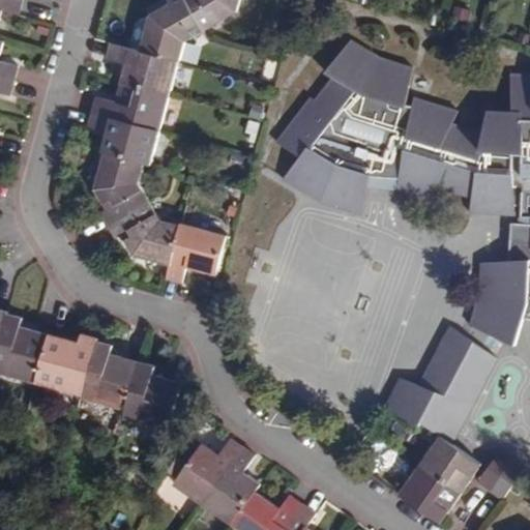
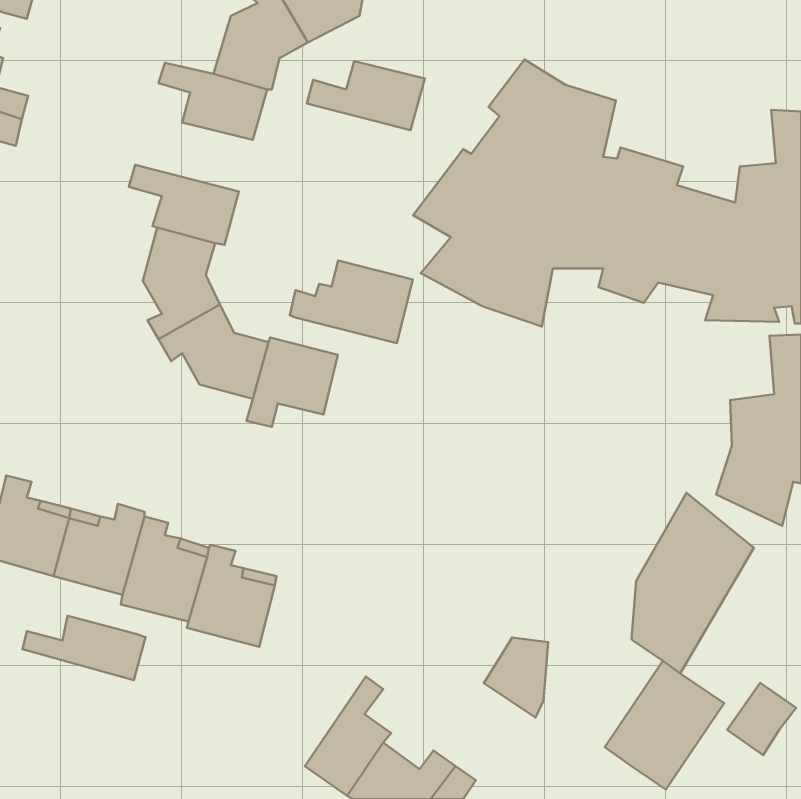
building: [89,81,167,126] -> [307,61,425,130]
building: none -> [290,260,413,343]
building: [377,380,419,433] -> [484,638,548,718]
building: none -> [22,616,145,680]
building: [171,437,241,505] -> none

